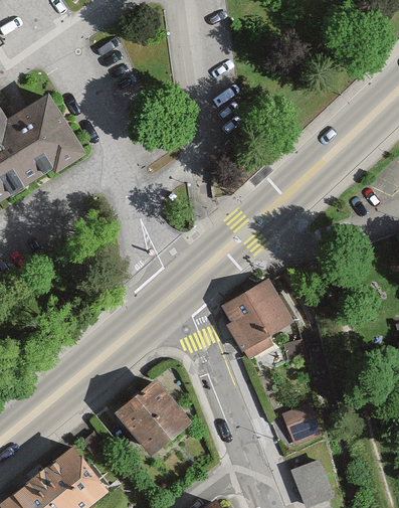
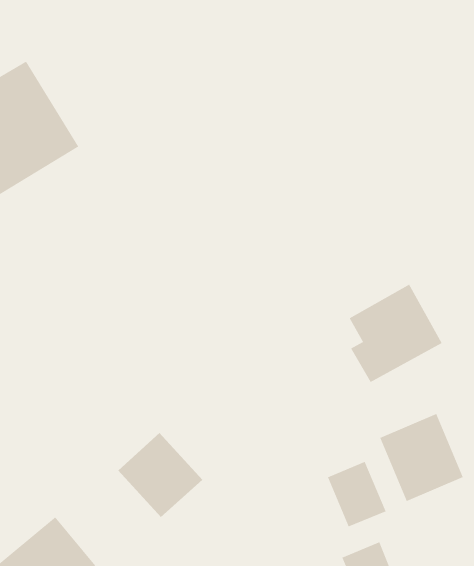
building: [221,281,292,356] -> [349,284,443,383]
building: none -> [379,413,464,502]

